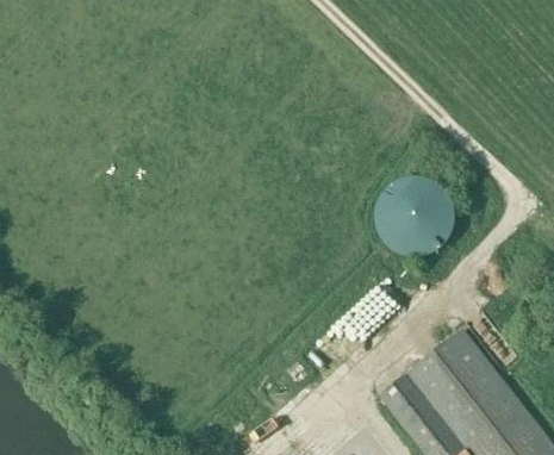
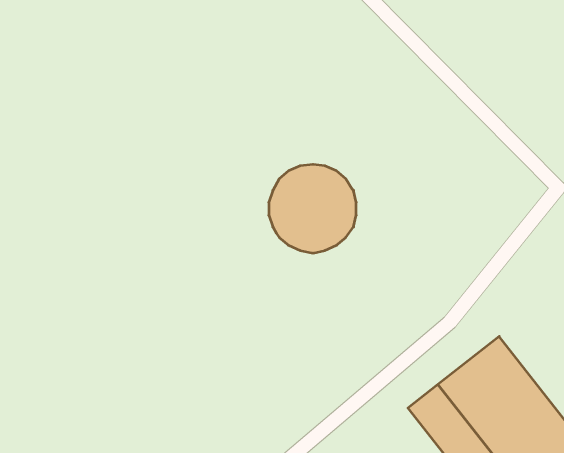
building: [375,177,455,258] -> [269,164,356,253]

